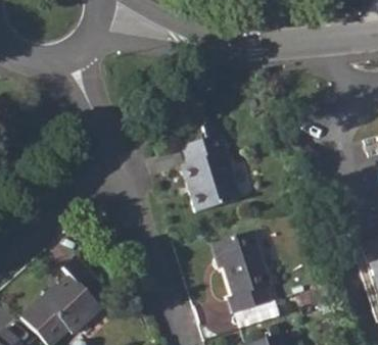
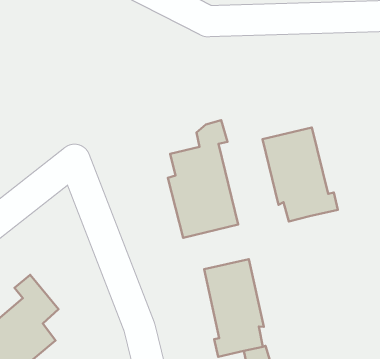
building: none -> [263,127,338,222]

